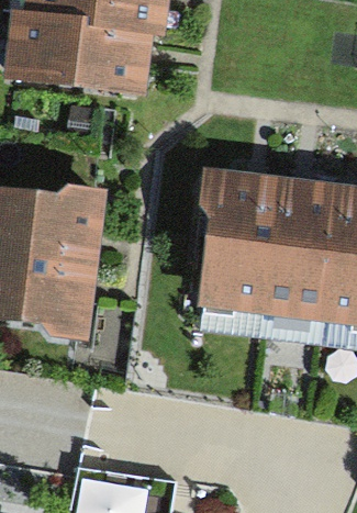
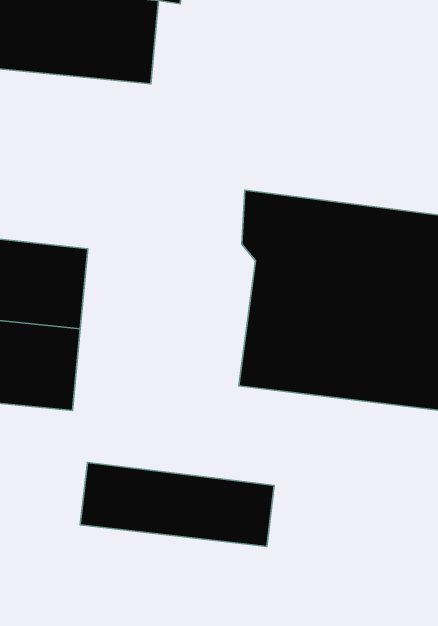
building: none -> [80,462,274,547]

